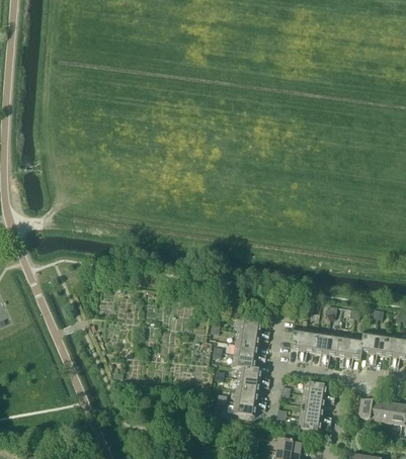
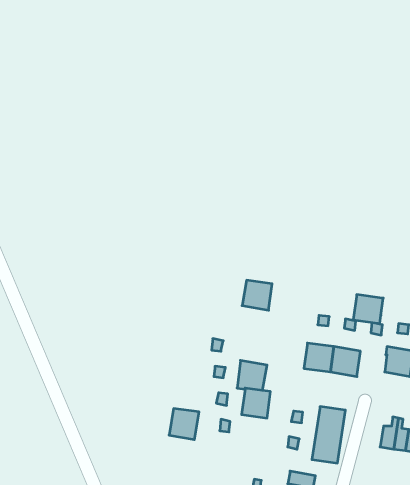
building: [235,320,261,347] -> [242,280,272,310]
building: [337,335,363,360] -> [353,295,383,323]
building: [232,390,258,418] -> [169,409,199,440]

